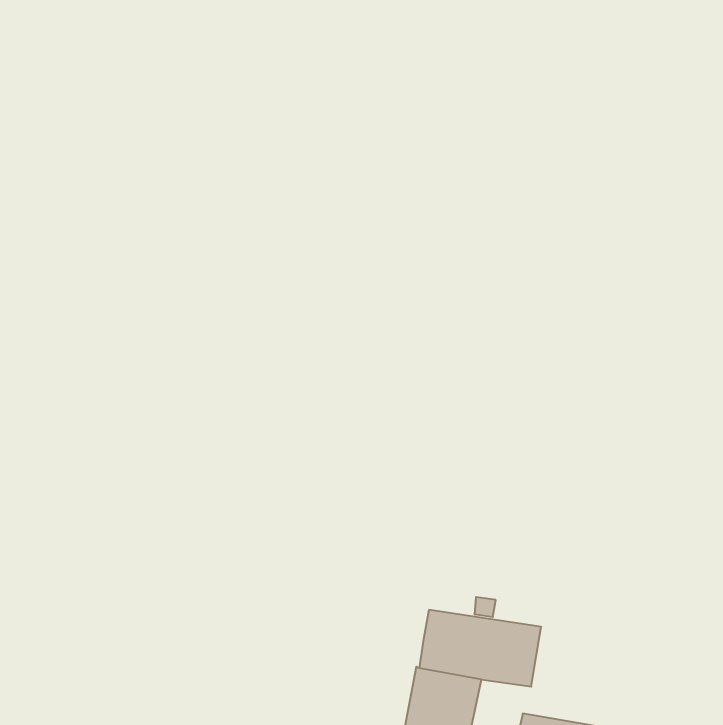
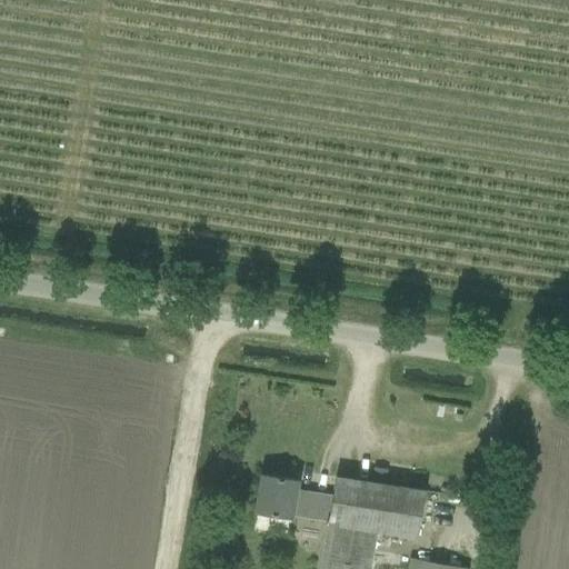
building: none -> [258,475,333,523]

